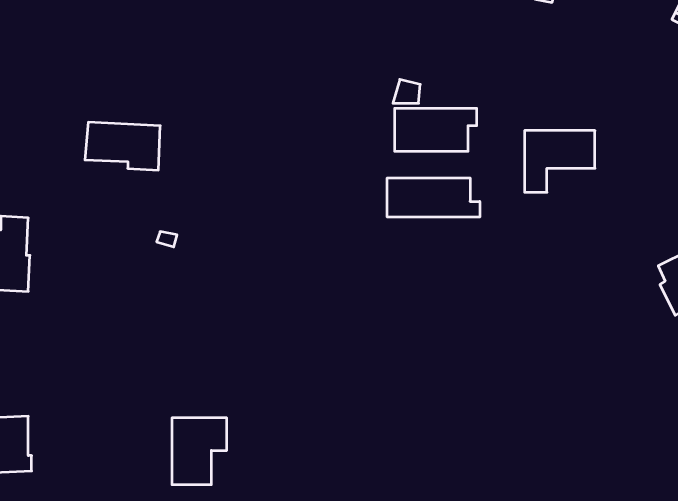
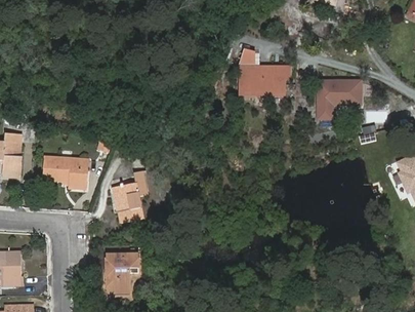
building: [85,122,160,170] -> [42,157,87,186]
building: [387,178,480,217] -> none
building: none -> [114,170,147,223]

